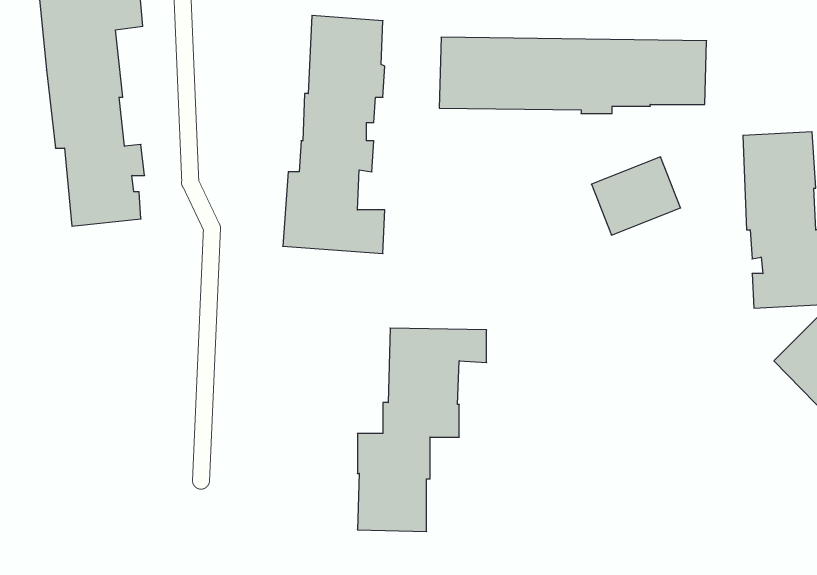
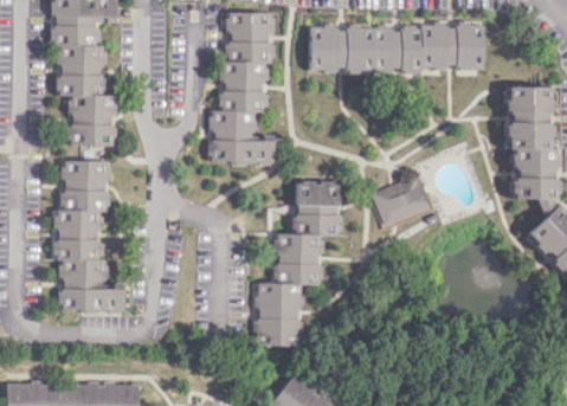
building: [591,157,681,235] -> [372,175,430,226]
building: none -> [57,161,123,311]
building: none -> [297,181,339,214]

